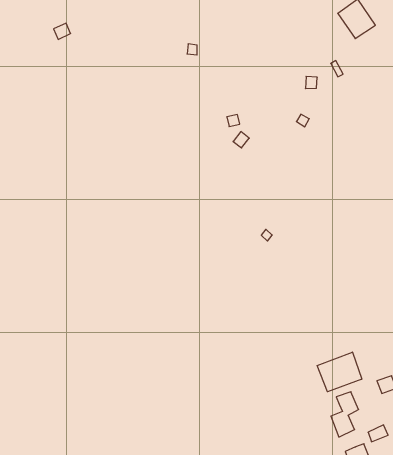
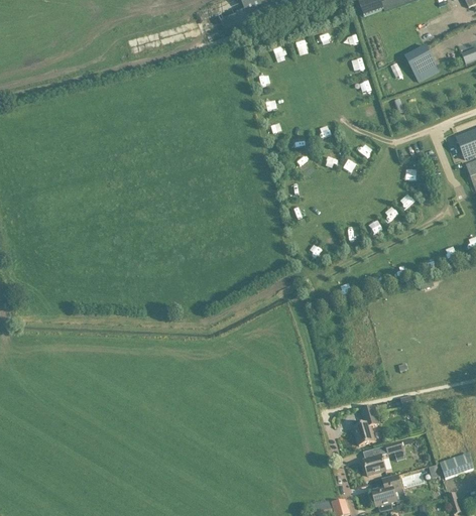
building: [317,352,362,392] -> none

